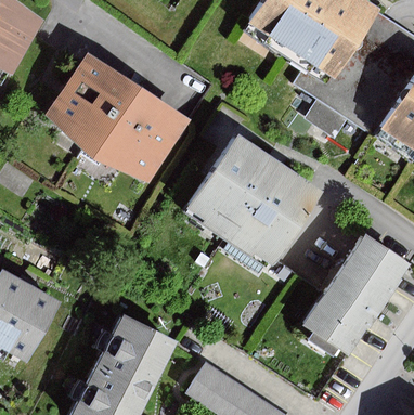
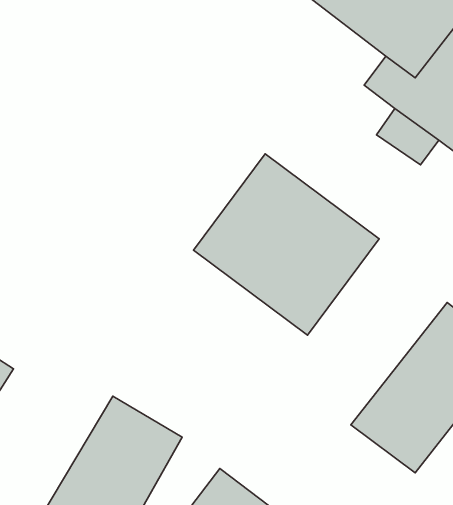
building: [49,53,191,182] -> none

